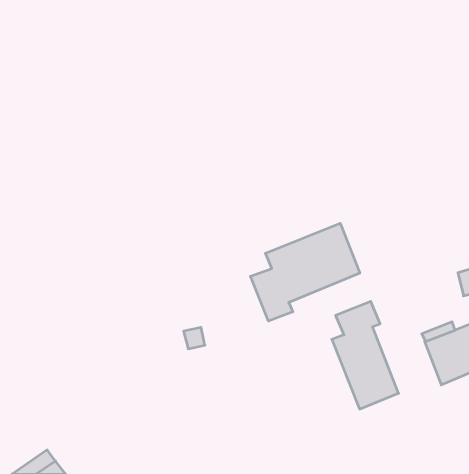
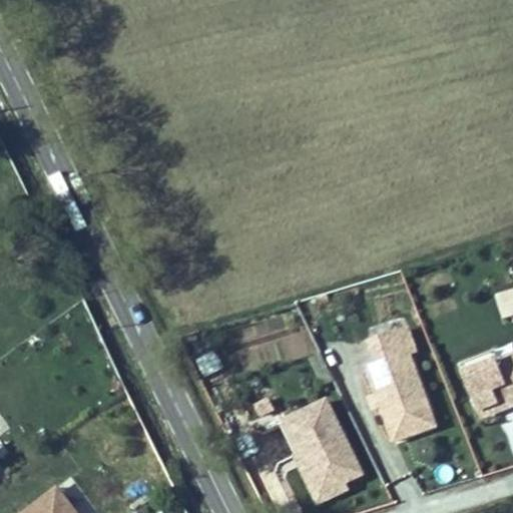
building: [250,223,360,321] -> none
building: none -> [284,400,363,506]

